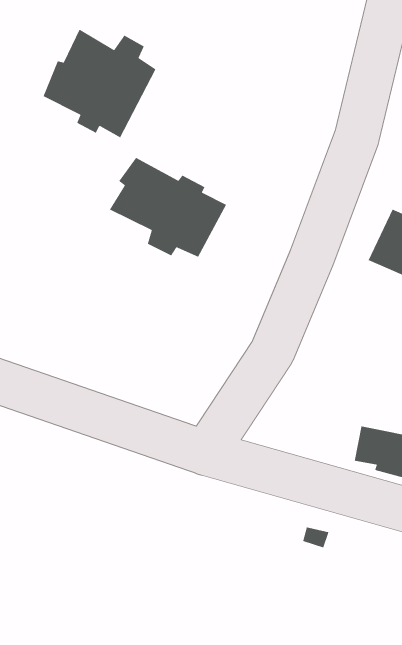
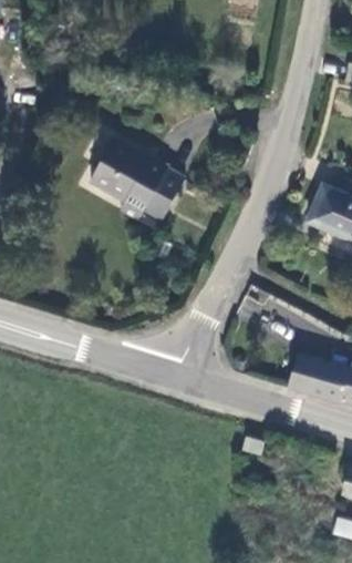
building: [42,28,157,139] -> none

